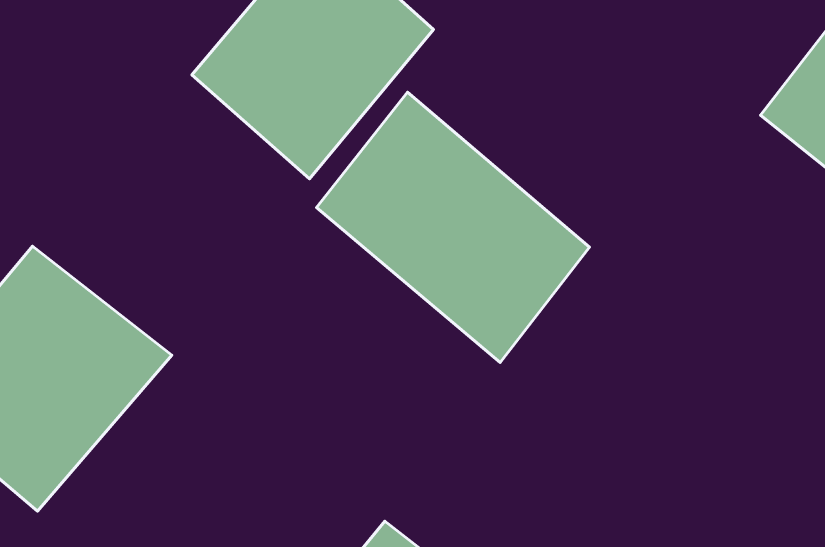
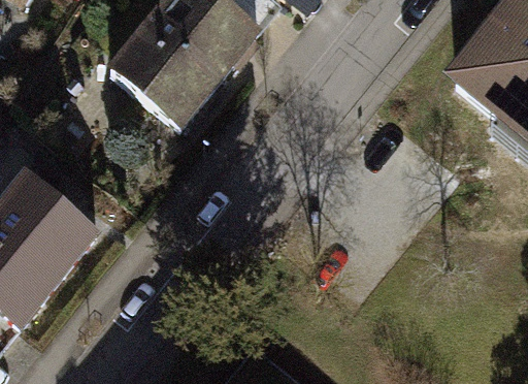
building: [316,92,590,363] -> none

